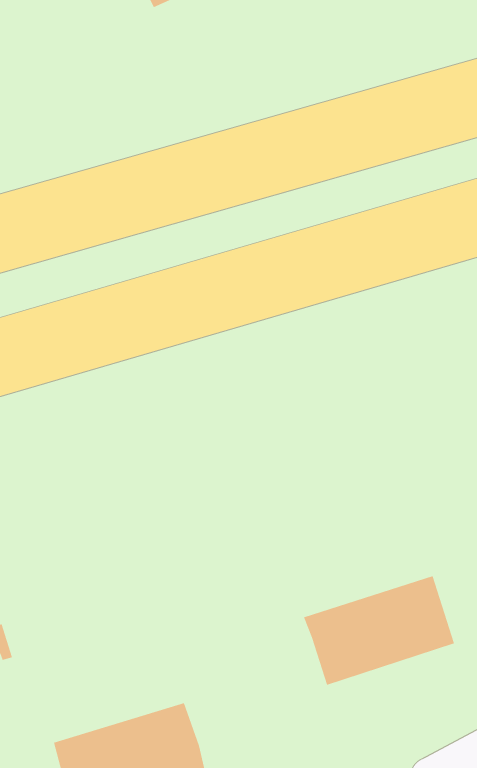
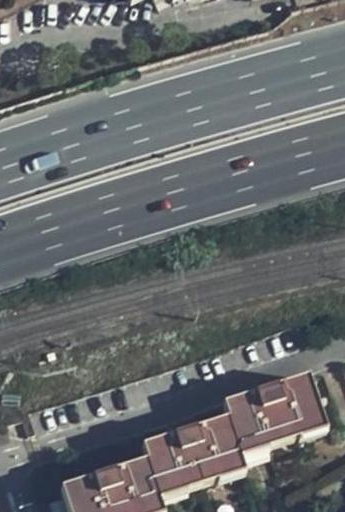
building: none -> [140,420,240,490]

